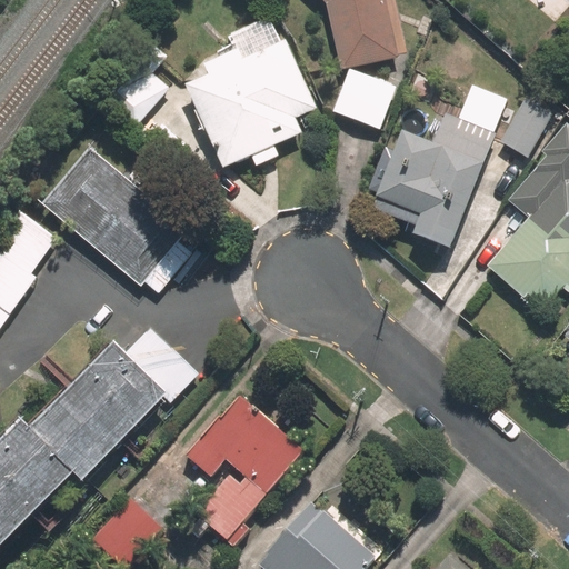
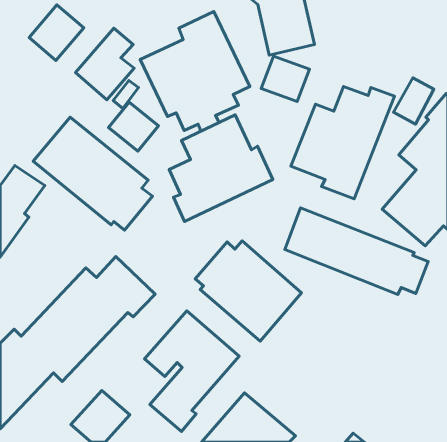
building: none -> [29,5,84,61]
building: none -> [108,102,159,151]
building: none -> [169,115,273,221]
building: none -> [285,208,428,295]
building: none -> [195,241,301,341]

